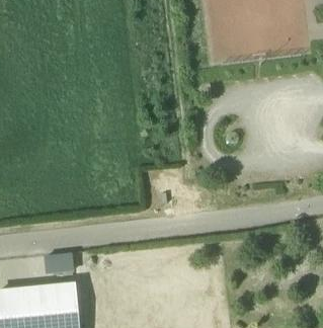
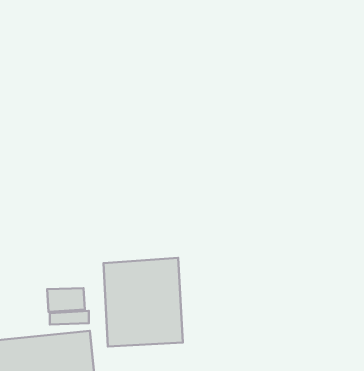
building: none -> [103,258,183,347]

